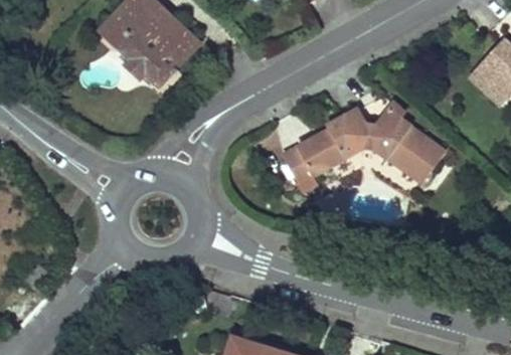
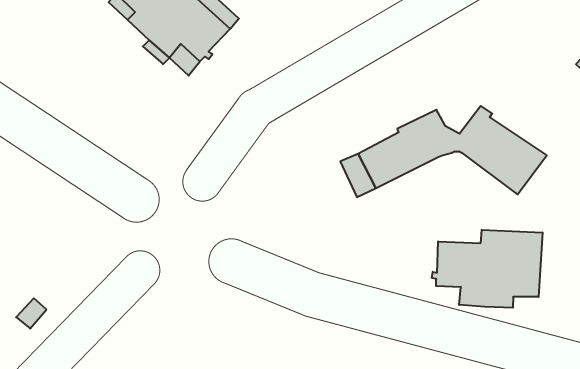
building: none -> [432,230,542,308]

